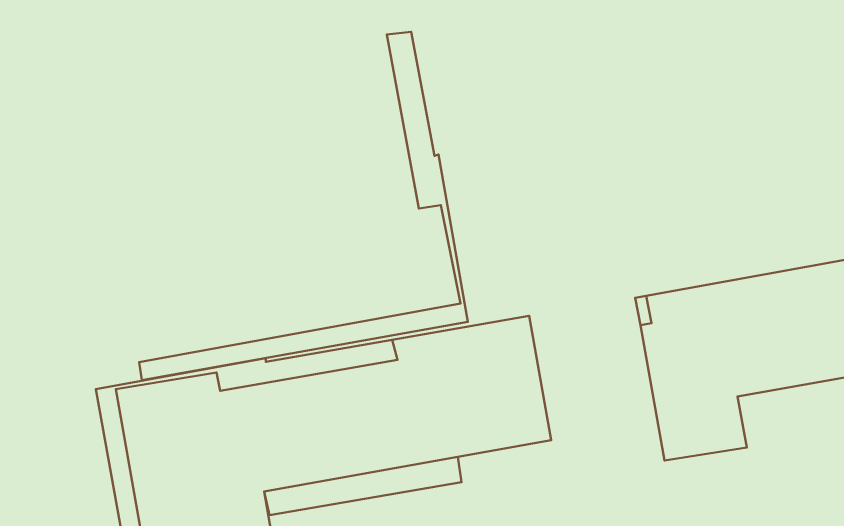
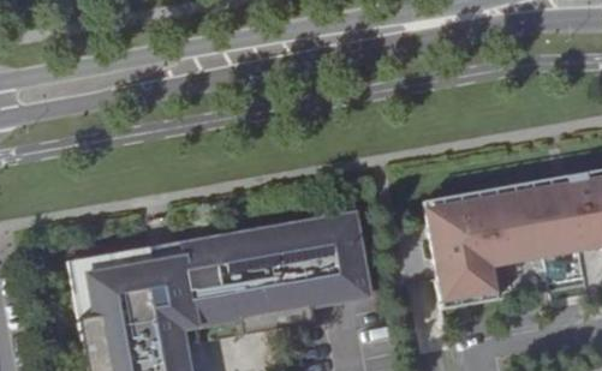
building: [139,32,468,380] -> none

